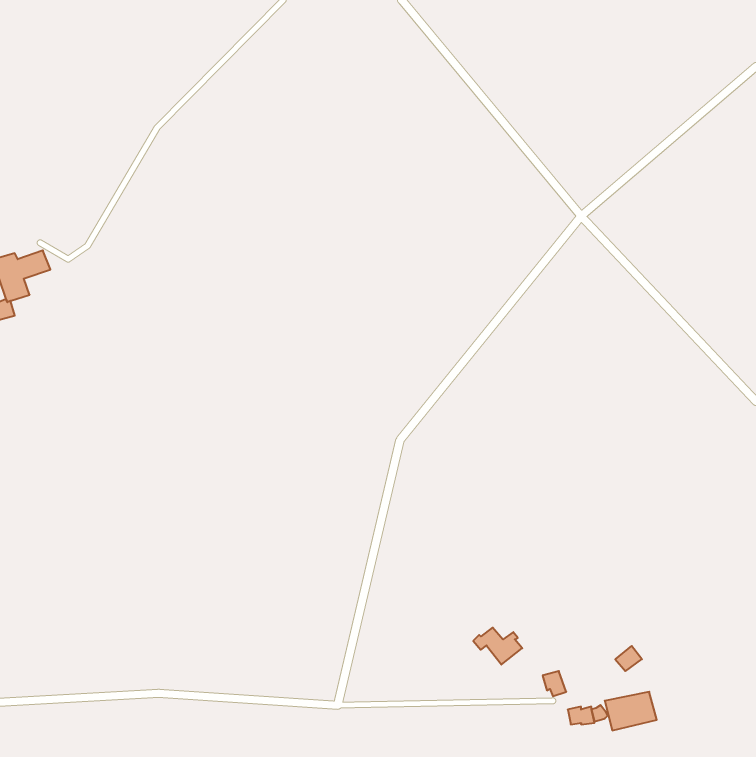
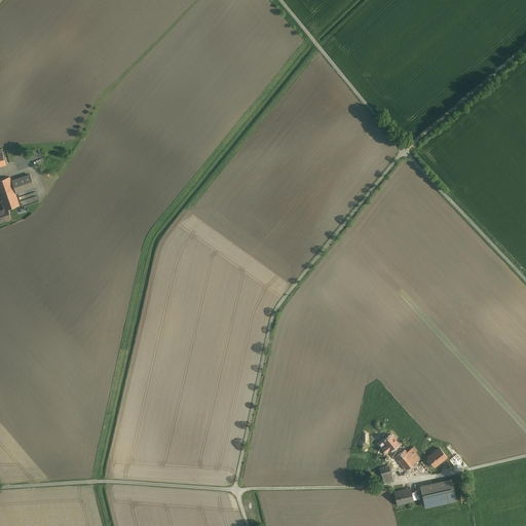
building: [473,628,522,665] -> [385,444,419,469]

